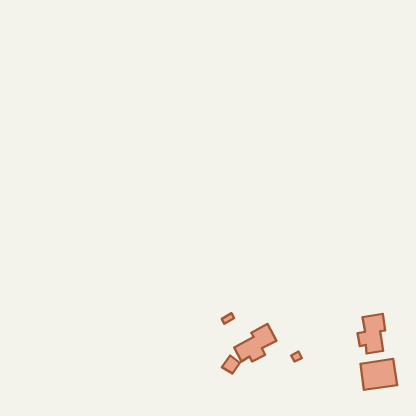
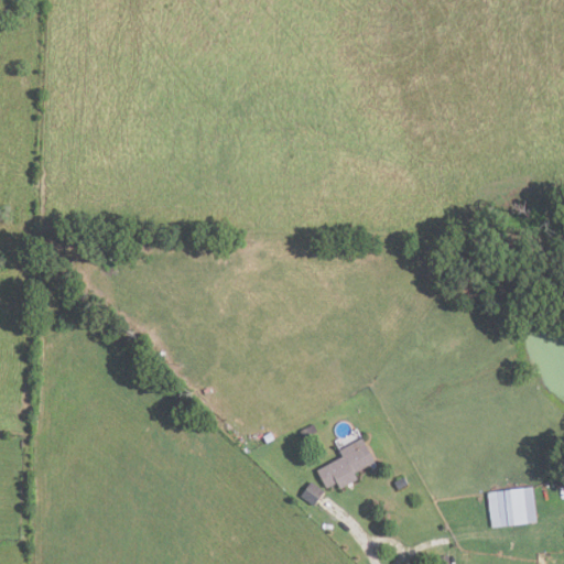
building: [357,314,385,353] -> none

